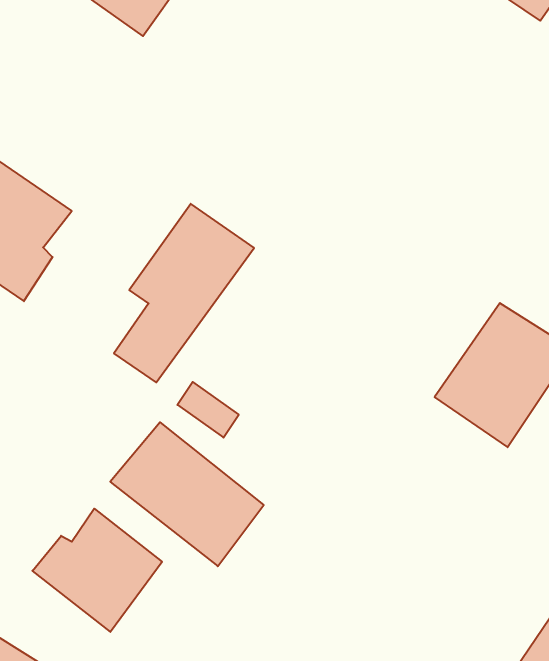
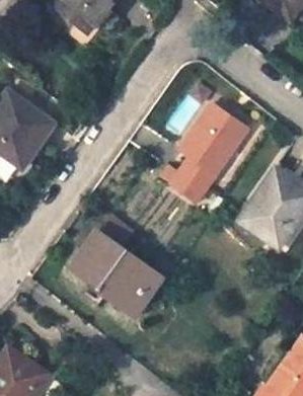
building: [114,204,254,382] -> [171,105,245,200]
building: [32,509,162,632] -> none

